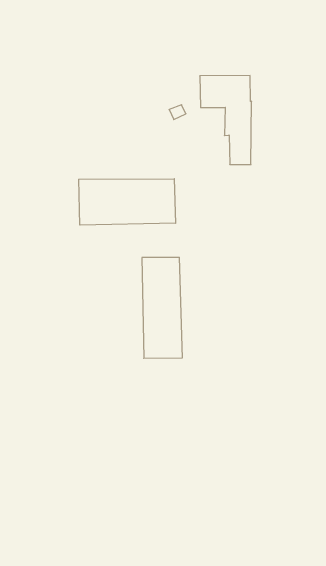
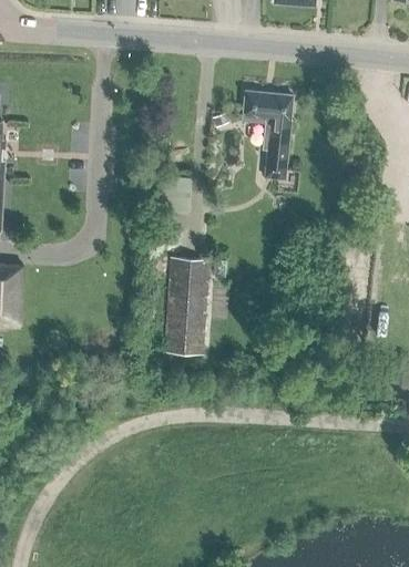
building: [79,179,176,225] -> none

